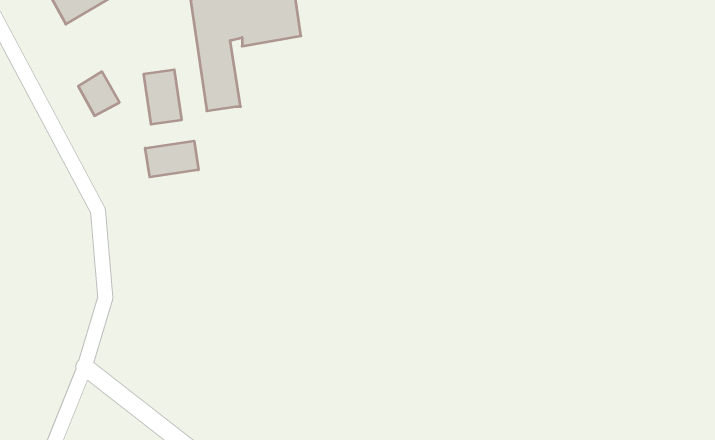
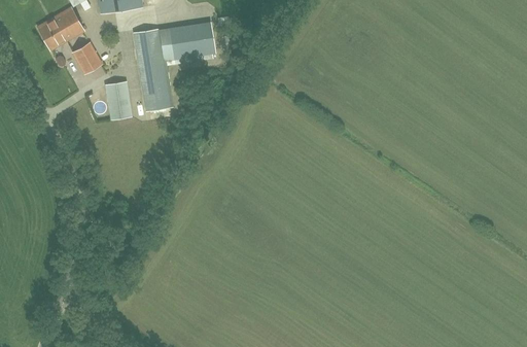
building: [78,72,119,116] -> [72,42,101,73]
building: [145,141,198,177] -> none

